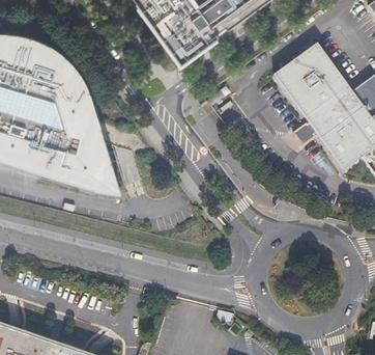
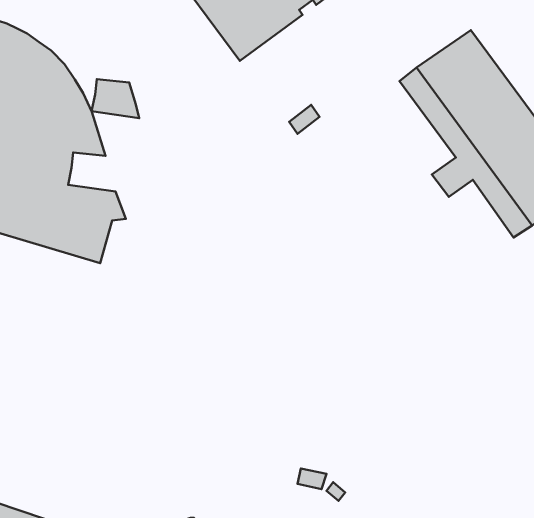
building: [74,118,103,142] -> [92,79,139,118]
building: [93,159,121,194] -> none

